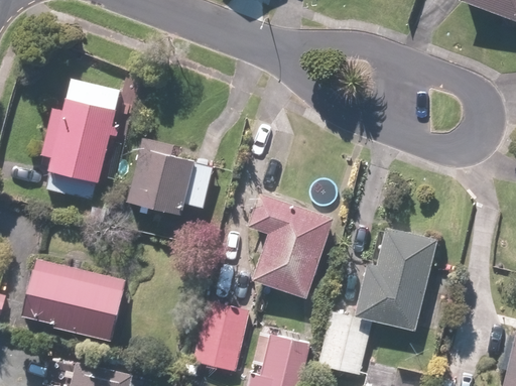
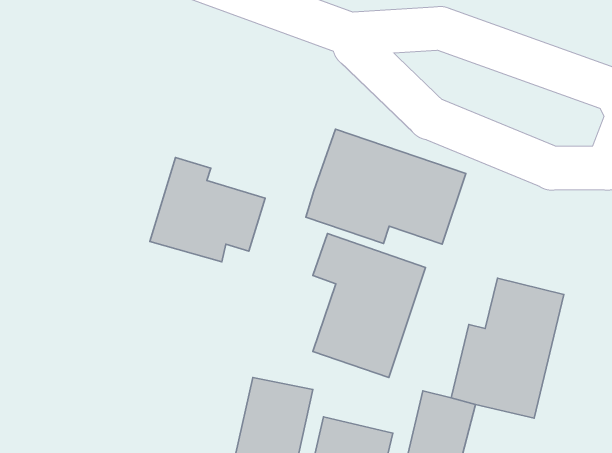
building: [40,79,120,201] -> none
building: none -> [306,129,466,244]
building: [23,258,125,340] -> none

